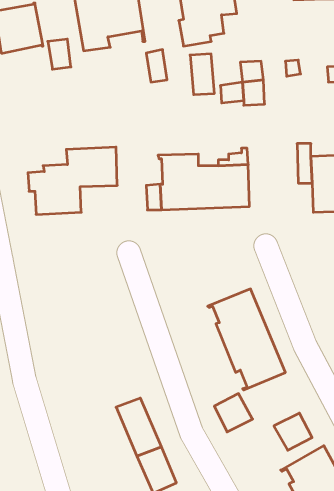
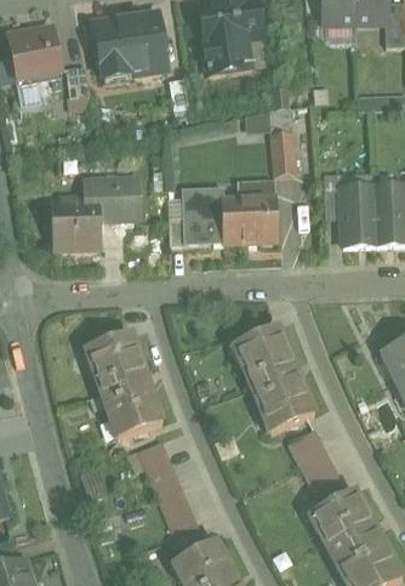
building: [190,54,214,95] -> [270,133,296,176]
building: none -> [87,330,164,436]
building: [214,394,253,432] -> [289,429,329,470]

